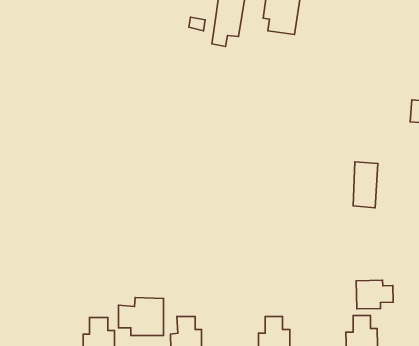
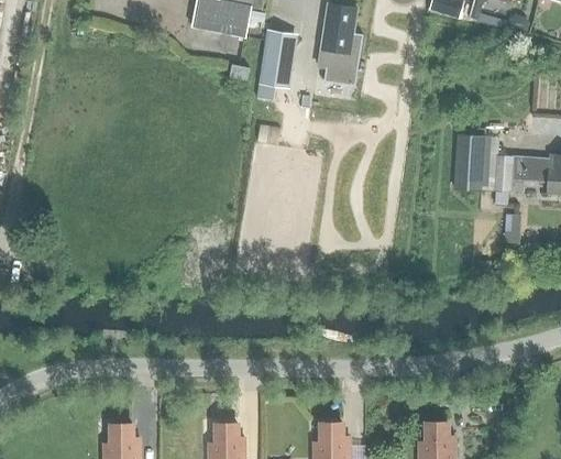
building: [353,162,378,208] -> [455,134,485,189]
building: [356,280,393,309] -> none
building: [118,297,164,336] -> none

